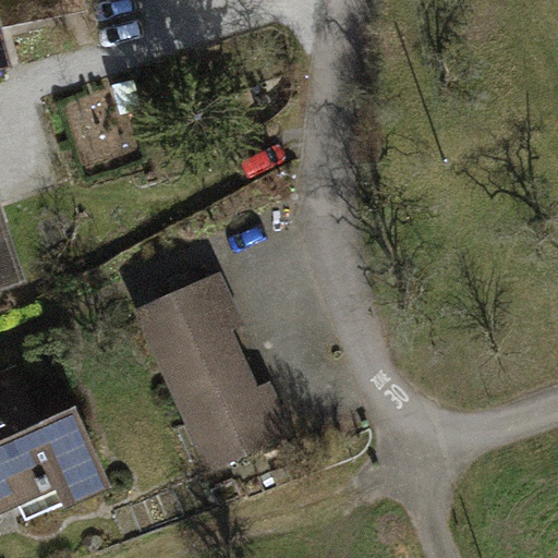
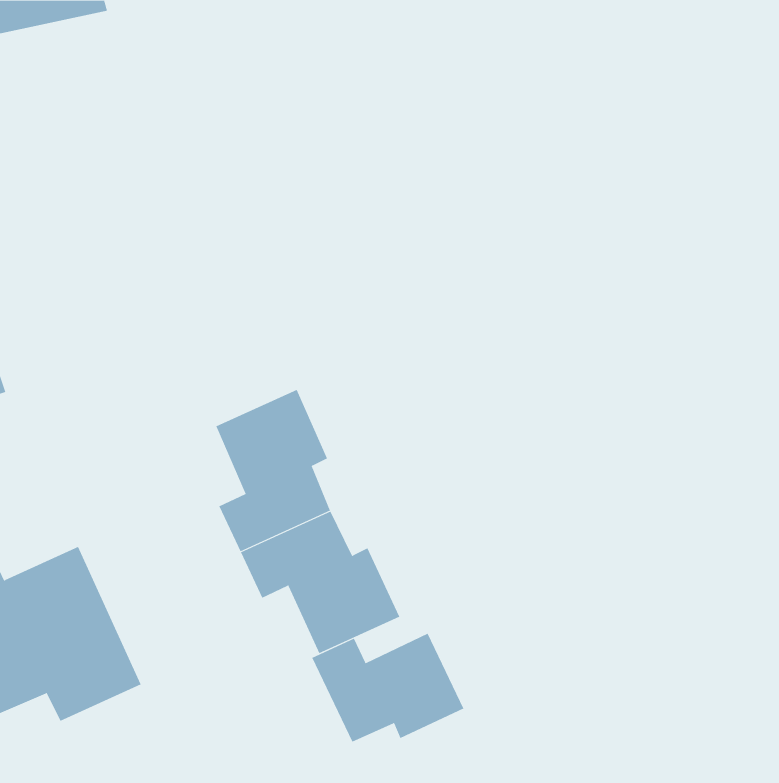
building: none -> [312,633,464,743]

